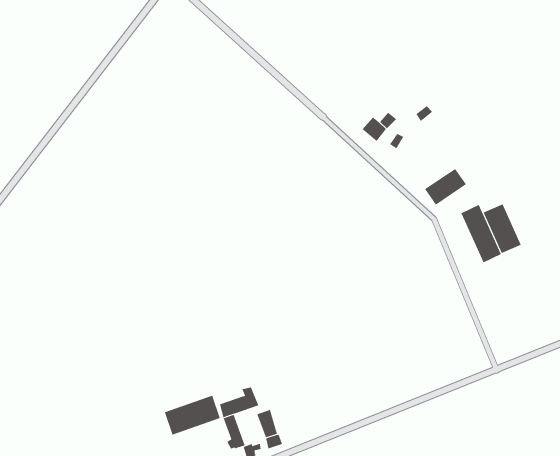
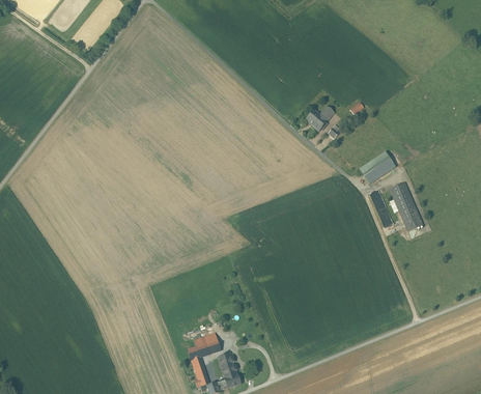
building: [483,204,521,254] -> none
building: [164,395,220,436] -> none

